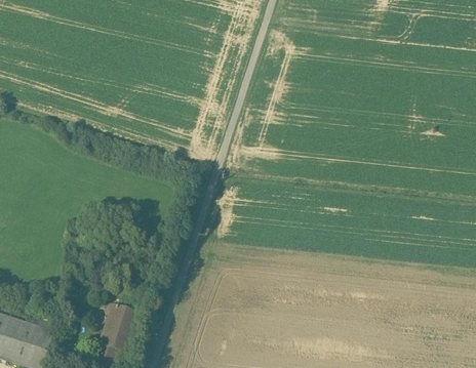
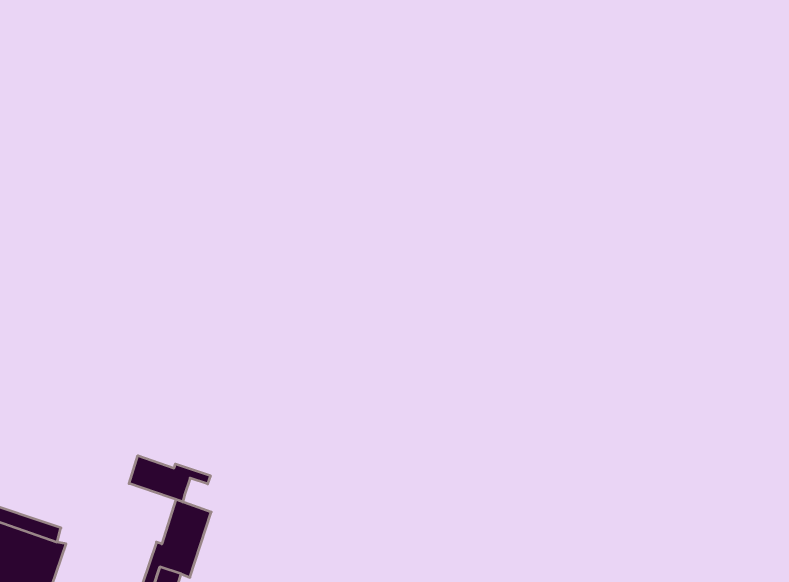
building: none -> [129,456,210,502]

